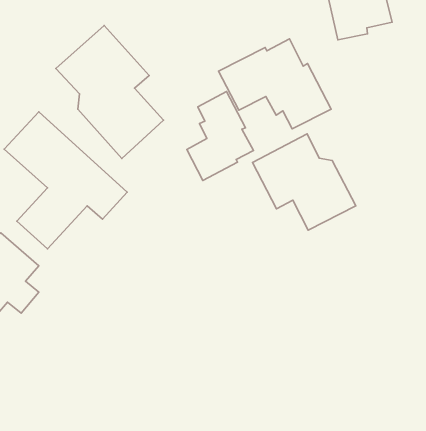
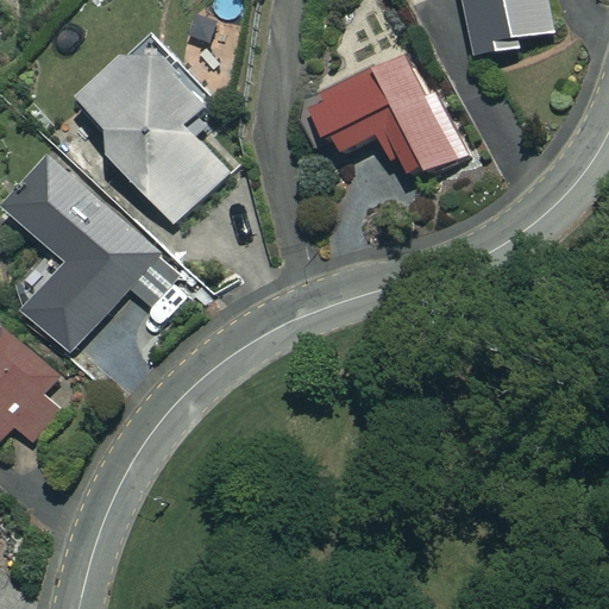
building: [187,91,253,180] -> none
building: [253,134,356,230] -> none

